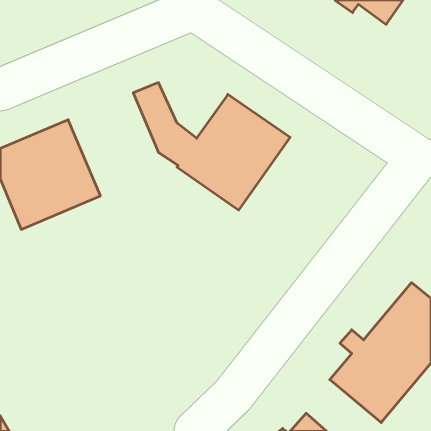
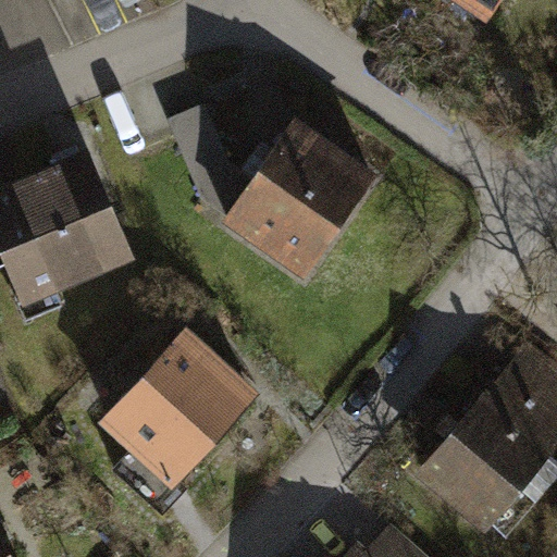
building: none -> [109,332,253,511]

